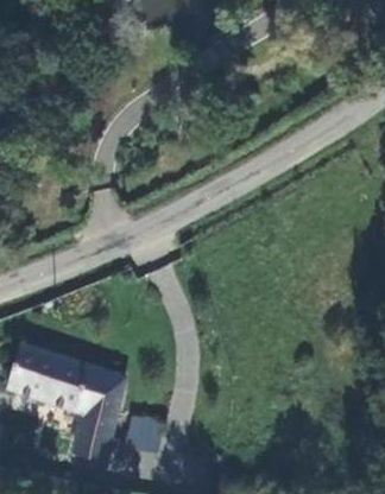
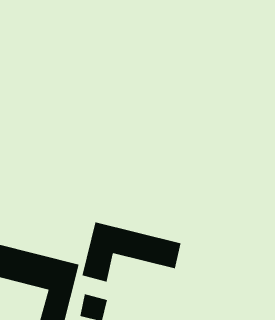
building: none -> [82,221,181,282]

